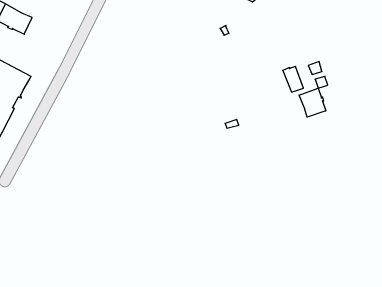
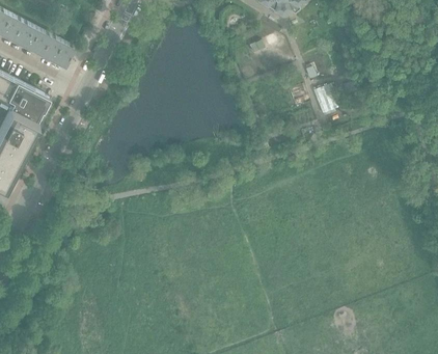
building: none -> [42,35,75,65]
building: [299,88,326,117] -> none

